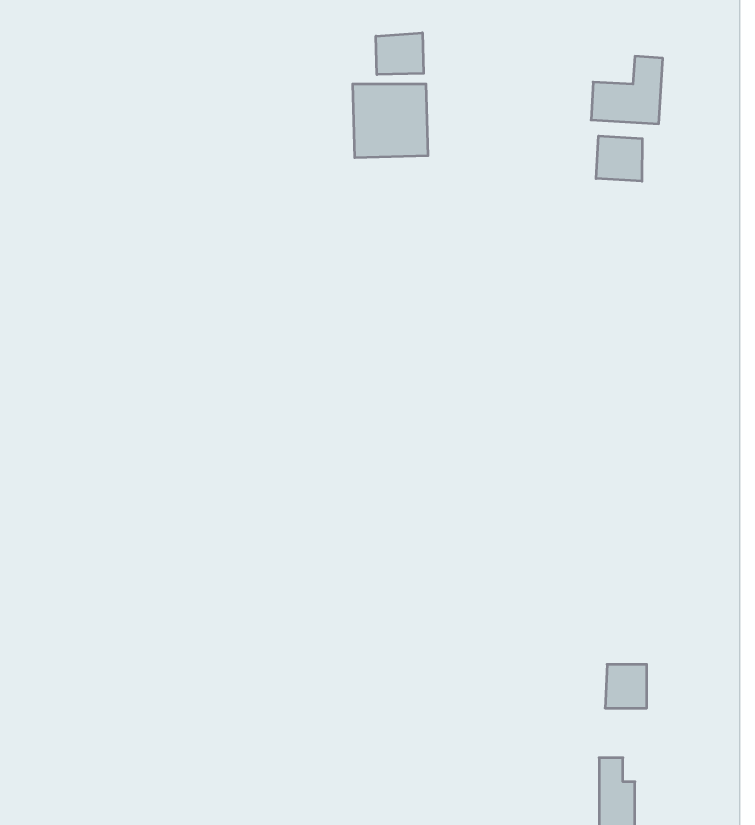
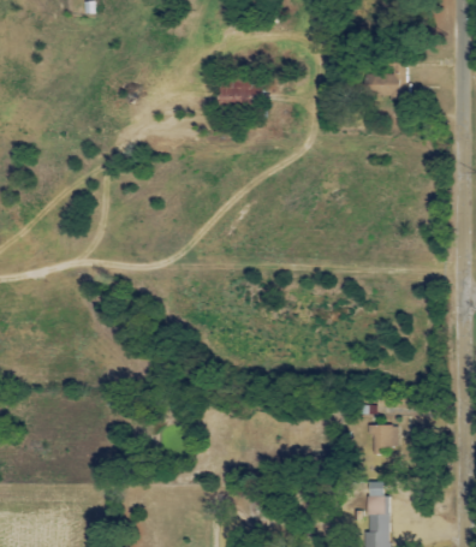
building: [376,33,424,75] -> none
building: [596,136,642,181] -> none

